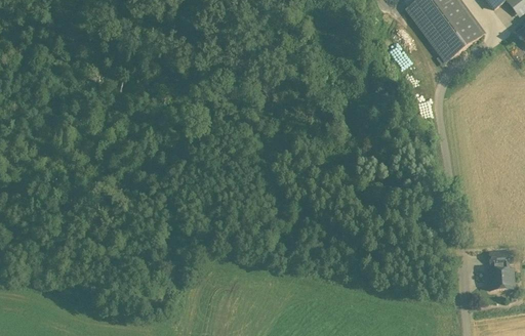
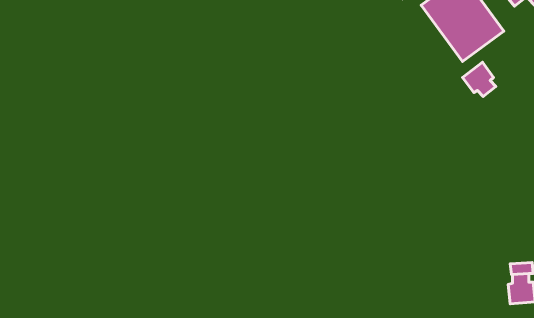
building: none -> [463,62,496,97]

